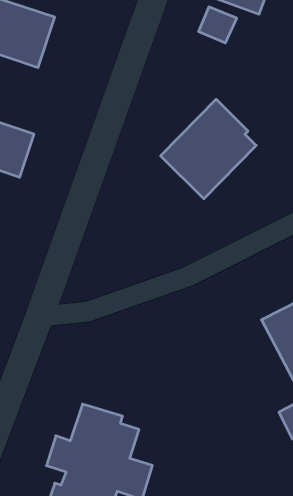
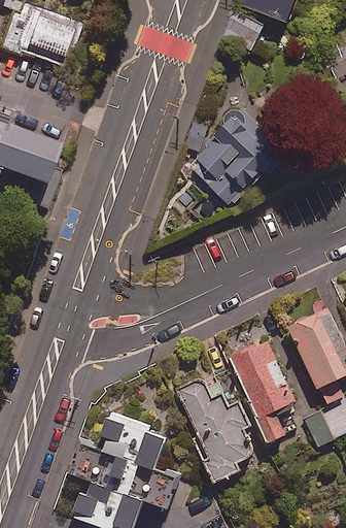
building: none -> [231,339,293,441]
building: none -> [174,377,251,482]

